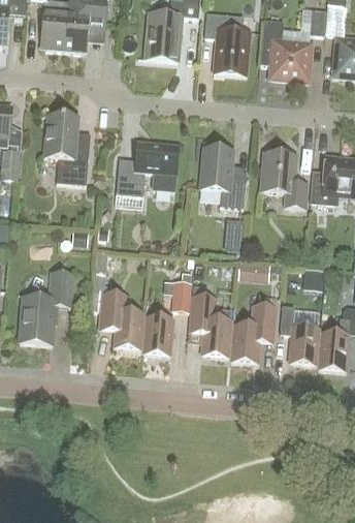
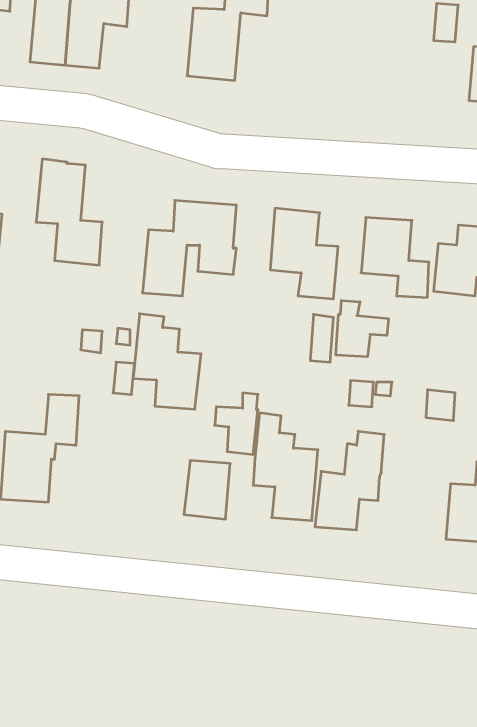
building: [203,11,250,74] -> none
building: [259,19,310,80] -> none
building: none -> [336,300,388,357]
building: [99,284,144,348] -> [133,314,201,409]
building: [280,303,319,364] -> none

